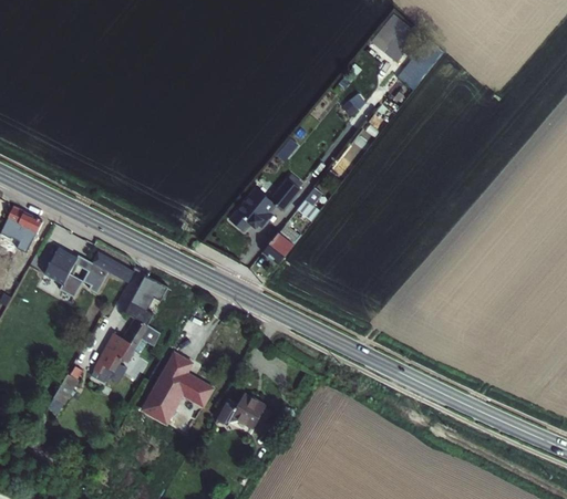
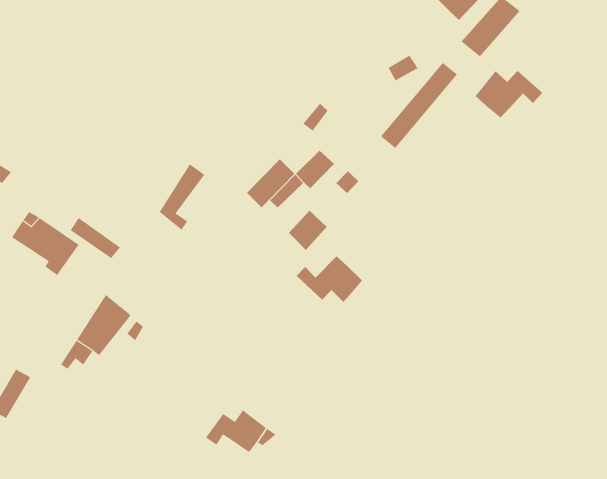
building: none -> [475,70,543,119]
building: none -> [296,256,363,303]
building: [126,269,161,323] -> [159,164,205,231]
building: [140,354,214,428] -> none

